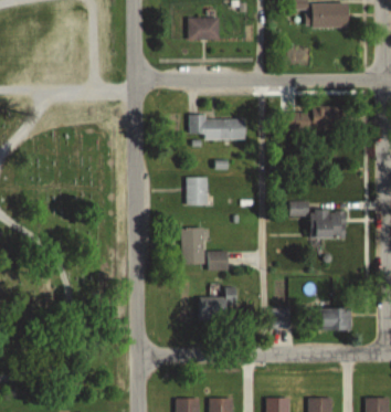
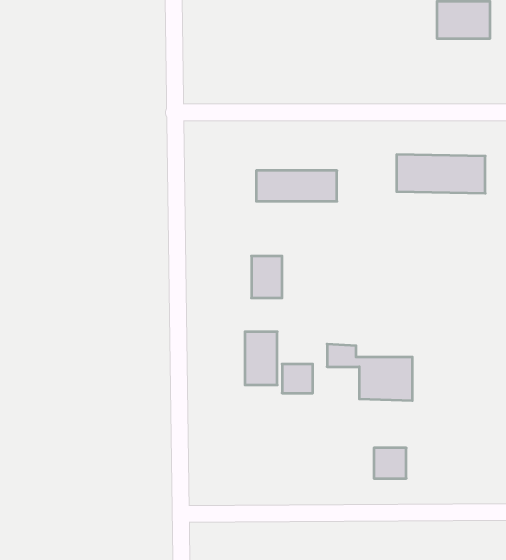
building: [188,18,219,41] -> none
building: [288,201,347,240] -> [327,344,412,401]
building: [199,288,235,321] -> none
building: [314,308,351,330] -> none

